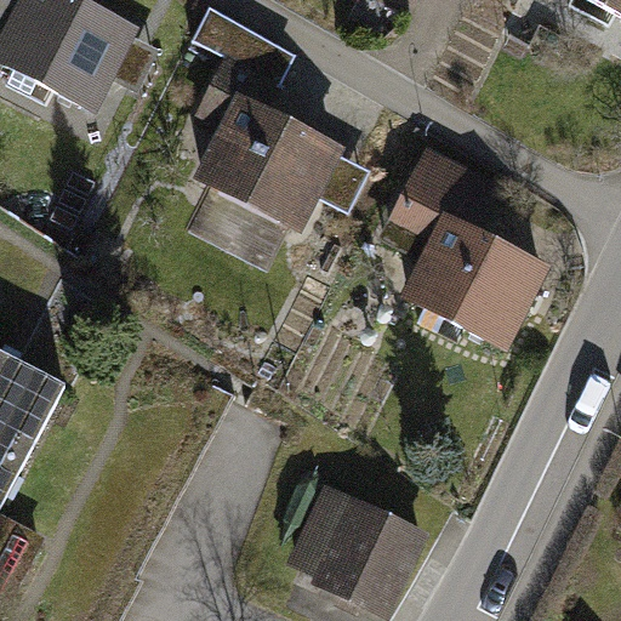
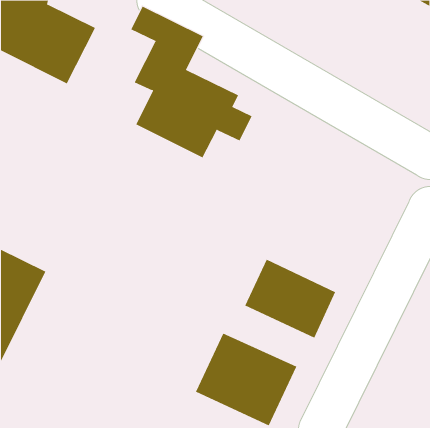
building: [380,149,548,346] -> none
building: none -> [244,259,336,338]

